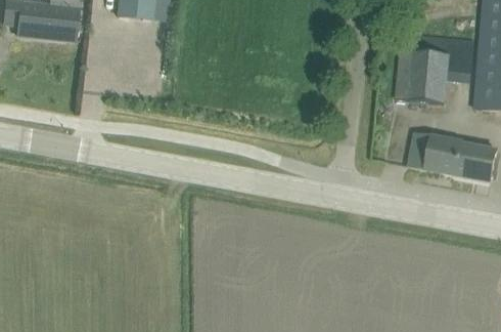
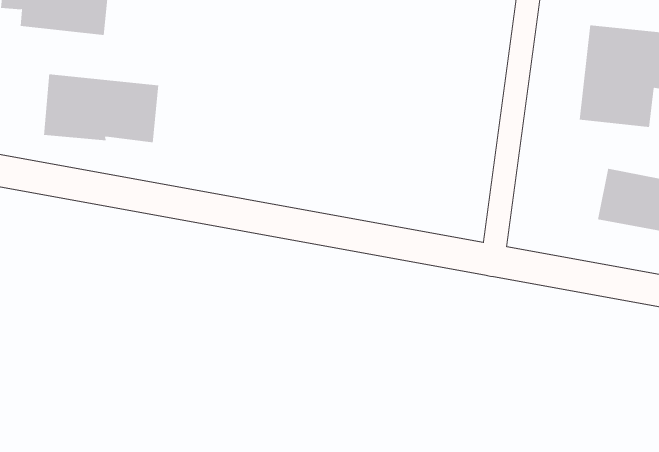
building: none -> [43,74,159,143]

